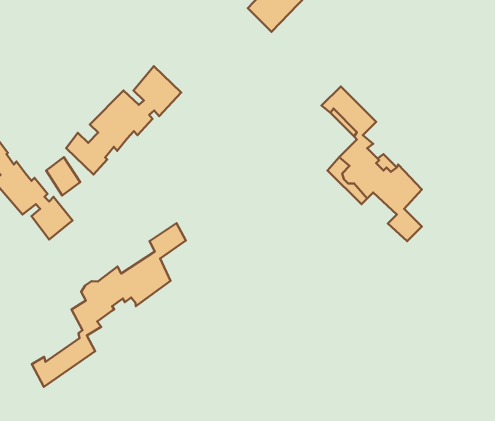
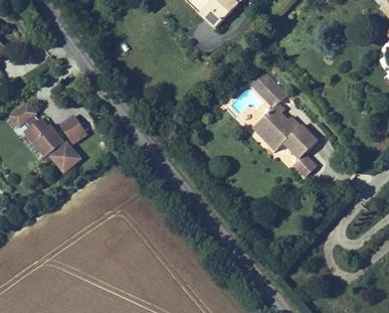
building: [66,66,181,174] -> none
building: [32,223,186,387] -> none

